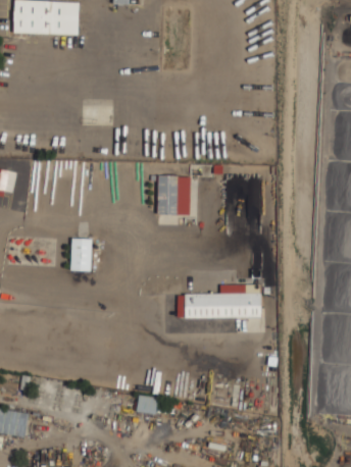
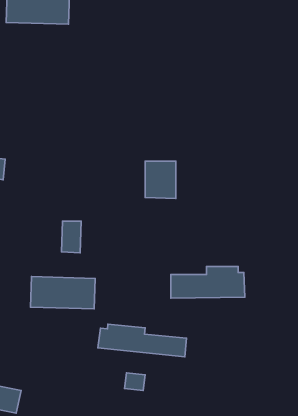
building: none -> [31,276,95,309]
building: none -> [98,324,187,357]

